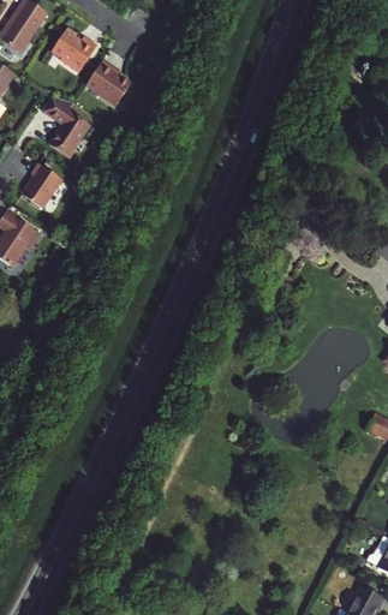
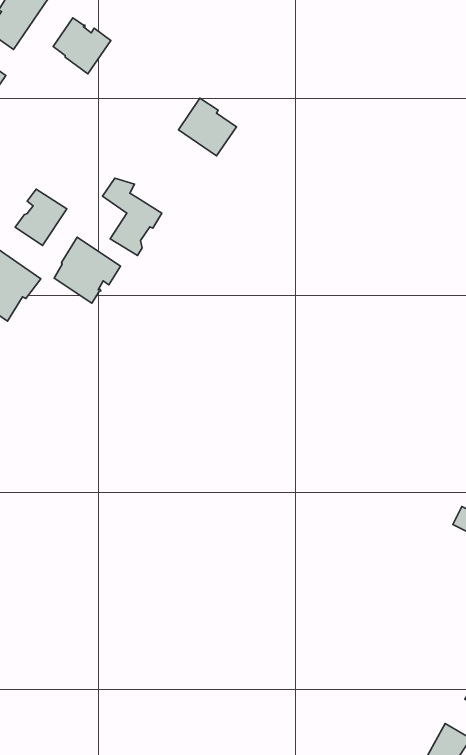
building: [85,60,131,106] -> [179,98,236,156]
building: [44,96,91,157] -> [103,178,162,256]
building: none -> [54,237,120,303]

